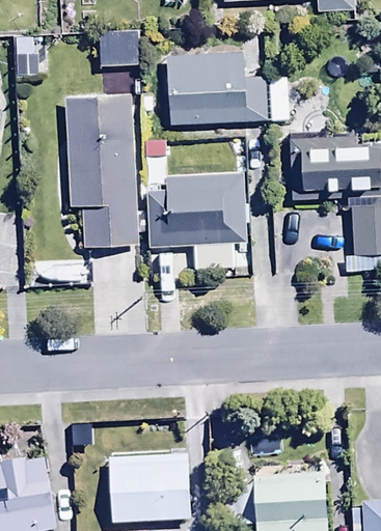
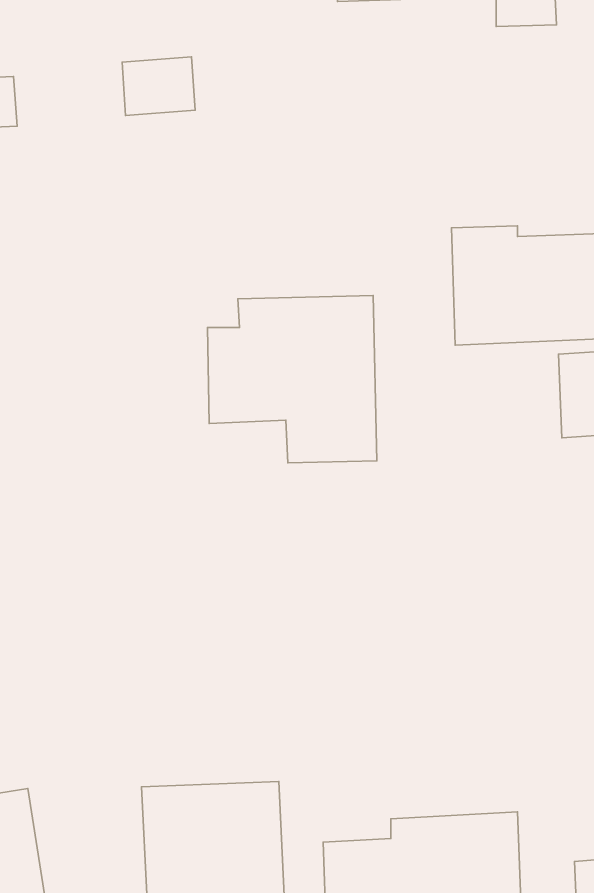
building: [169,55,268,122] -> none
building: [66,92,139,248] -> none

